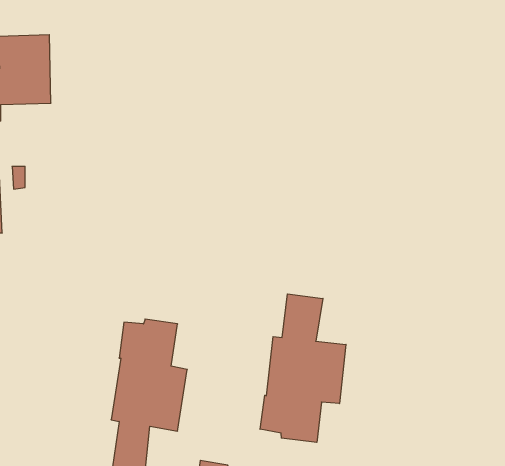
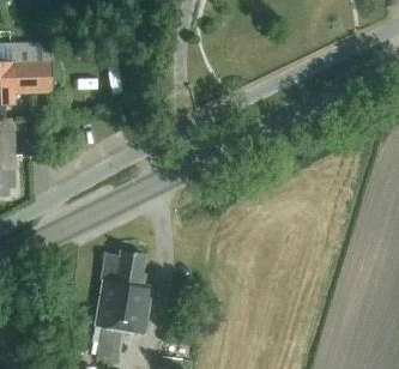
building: [260,294,346,442] -> none

